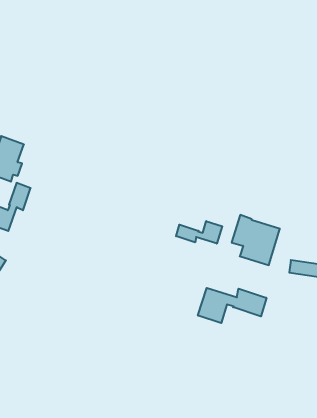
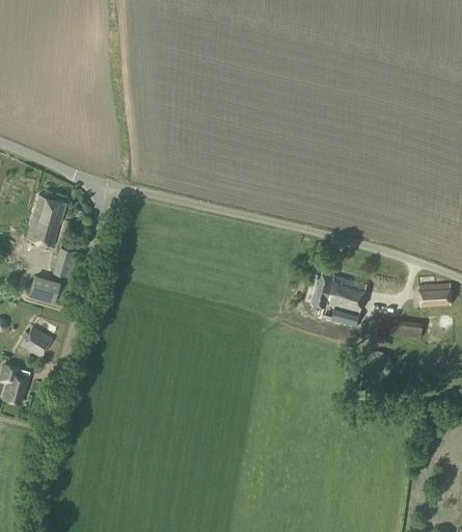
building: [176,221,222,244] -> none
building: [198,288,266,323] -> none

